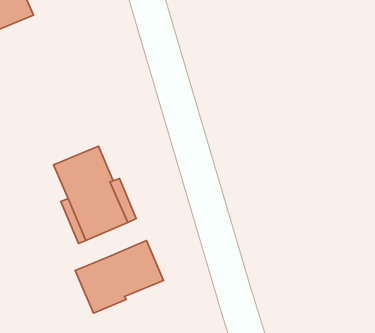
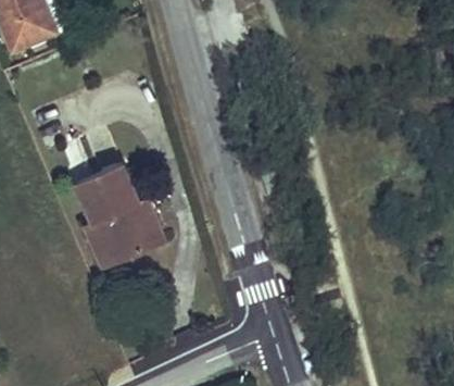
building: [75,241,163,313] -> none

